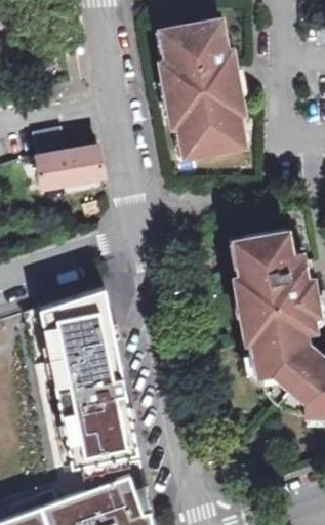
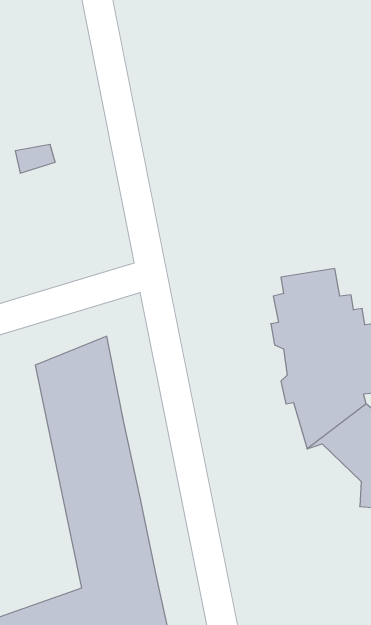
building: [161,23,243,156] -> none
building: [34,145,98,187] -> none

